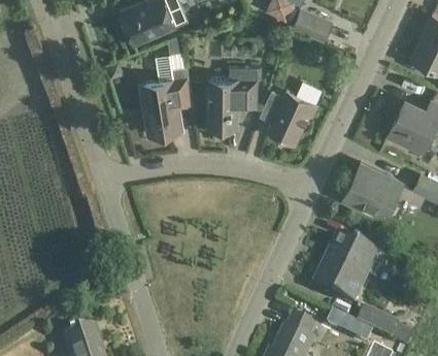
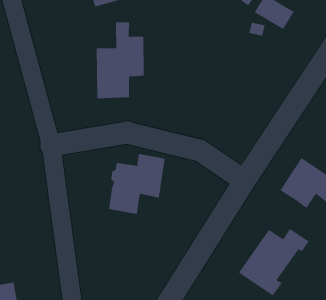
building: [205,67,257,128] -> [108,153,165,215]
building: [259,91,321,145] -> none

